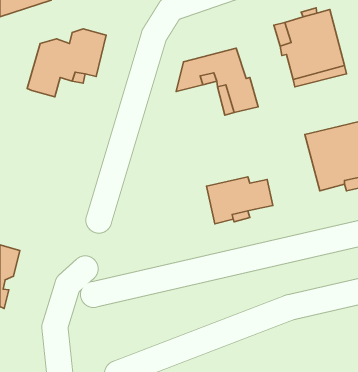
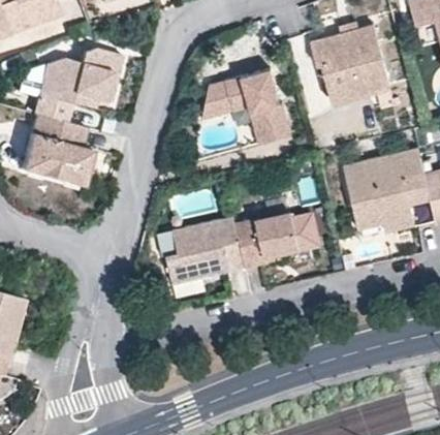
building: none -> [24,117,91,185]
building: none -> [165,216,244,283]

